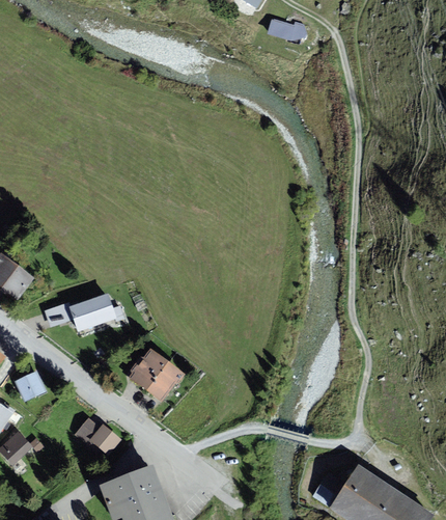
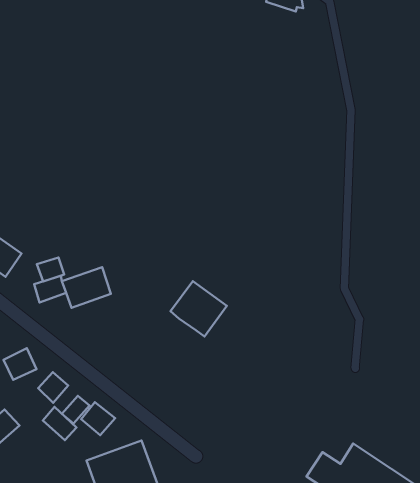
building: none -> [37,257,64,281]
building: [130,349,185,403] -> [170,281,227,337]
building: none -> [38,372,68,403]
building: none -> [43,407,77,440]

